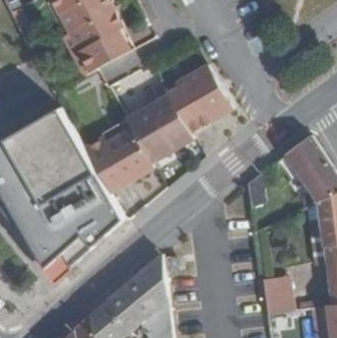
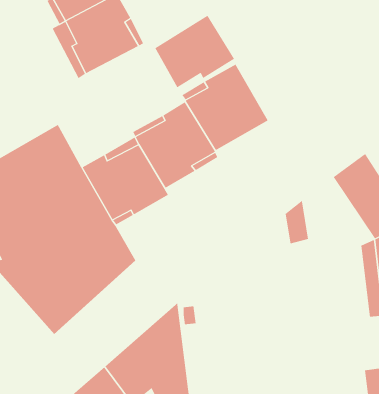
building: none -> [154,15,235,88]
building: [262,275,294,314] -> none

